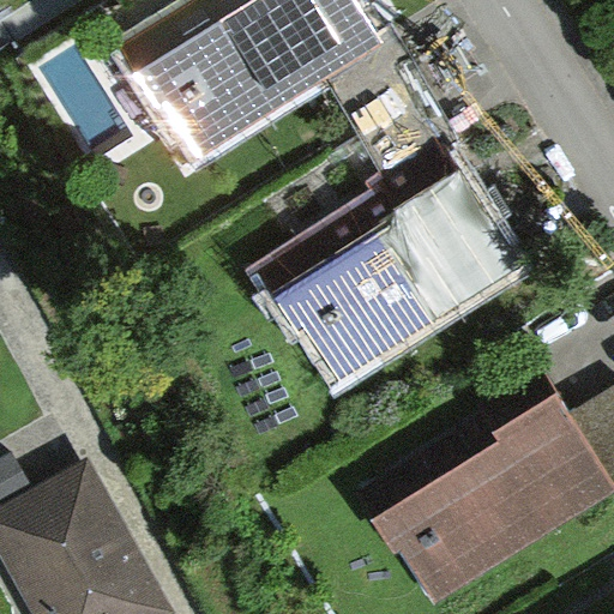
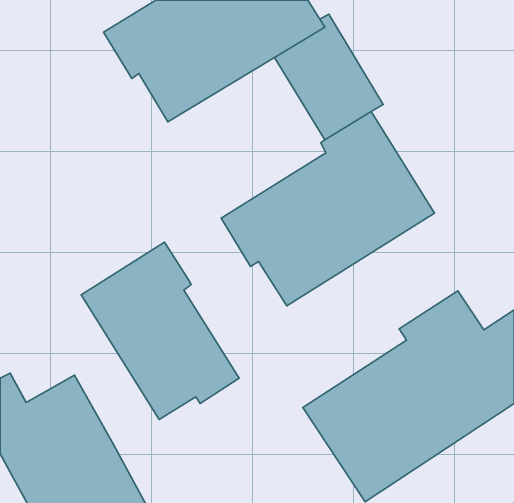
building: none -> [81,242,239,419]

